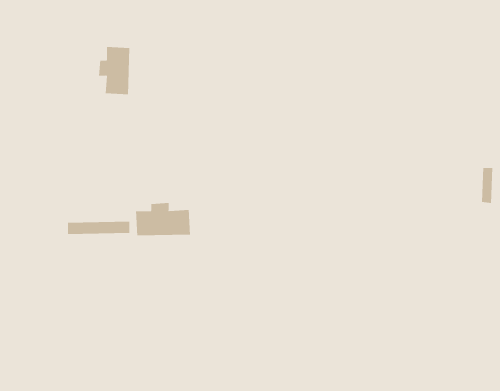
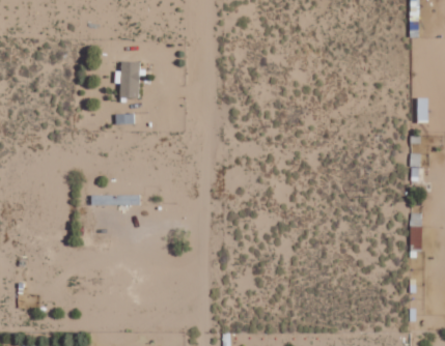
building: [135,202,190,236] -> none

